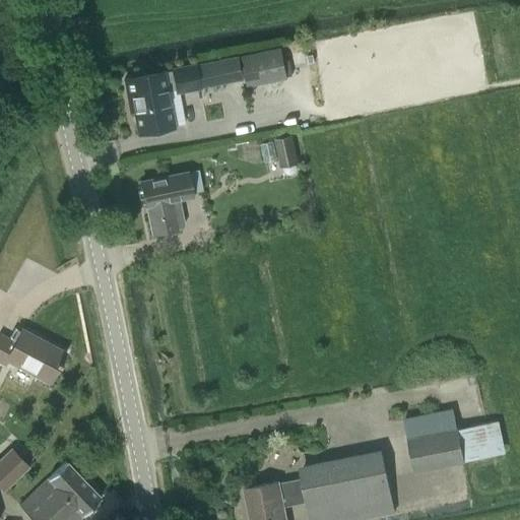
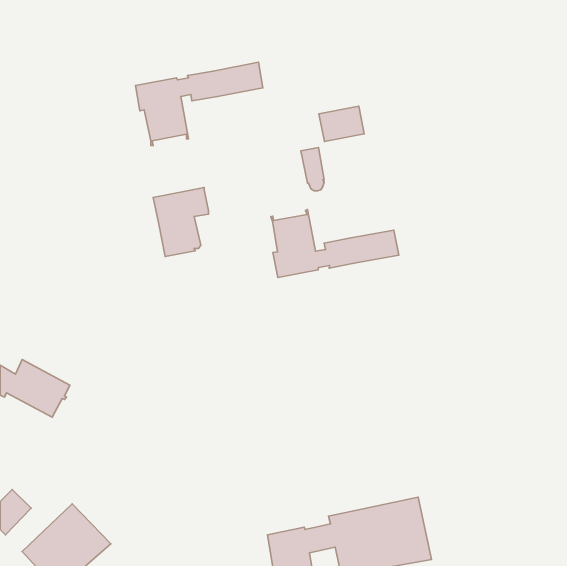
building: [243,50,284,82] -> [319,106,364,142]
building: none -> [271,210,399,277]
building: [404,410,497,472] -> none

